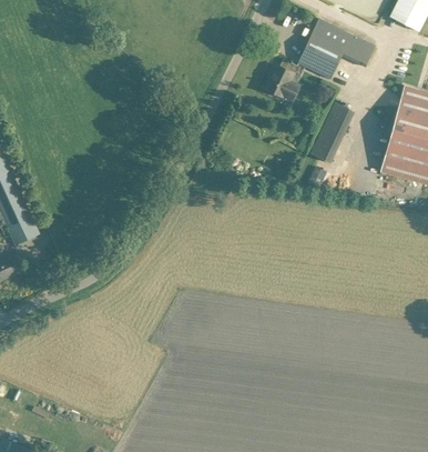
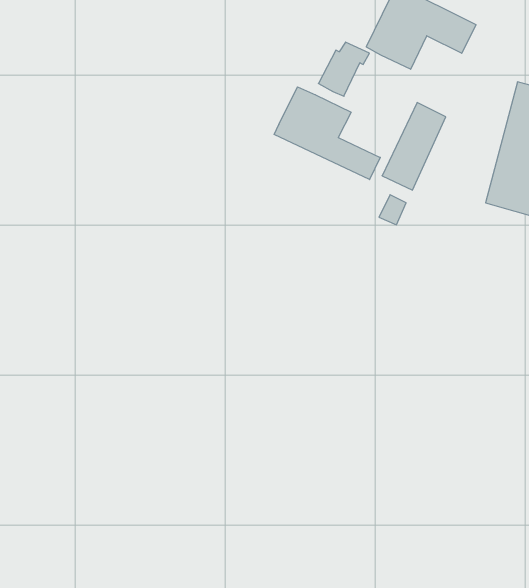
building: none -> [274,87,380,180]

